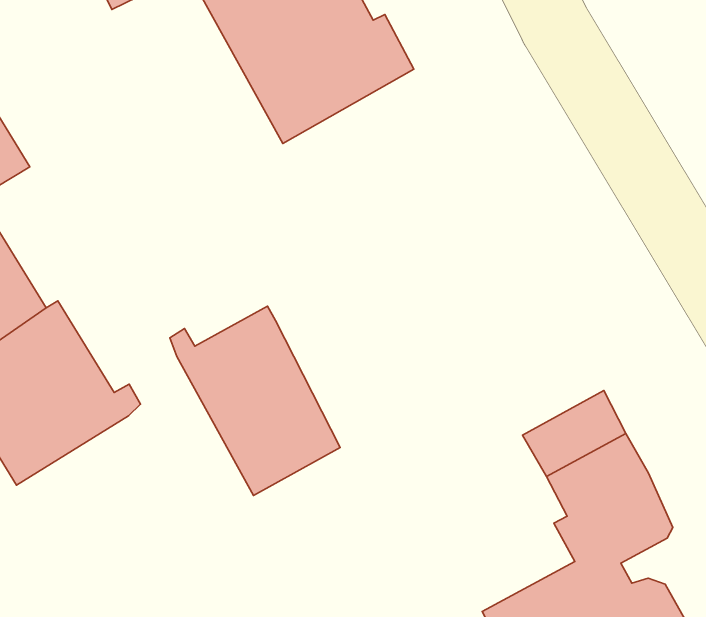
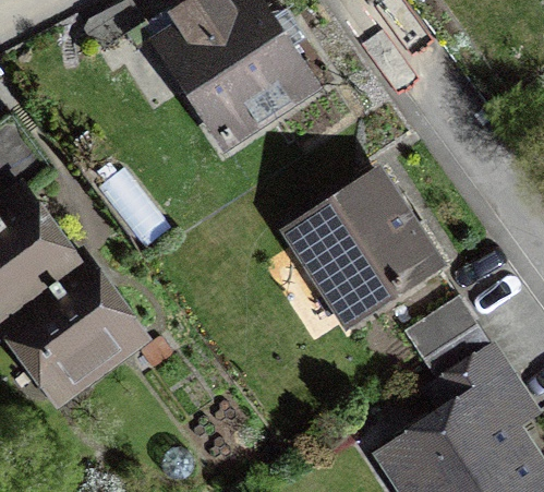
building: none -> [290,172,439,323]
building: [170,306,340,496] -> none

